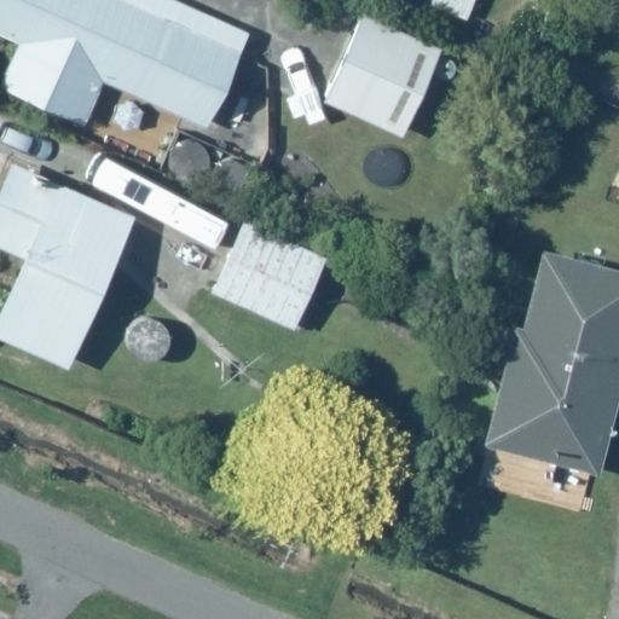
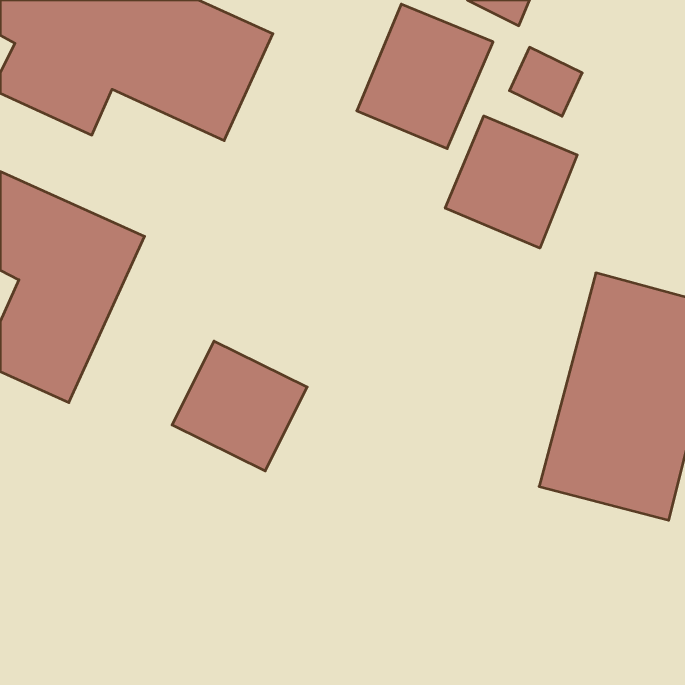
building: none -> [445,116,577,248]
building: [213,215,334,331] -> [172,341,307,471]

